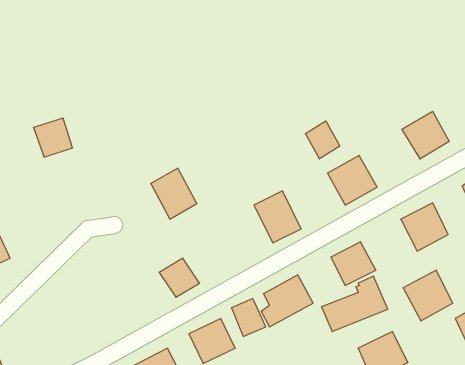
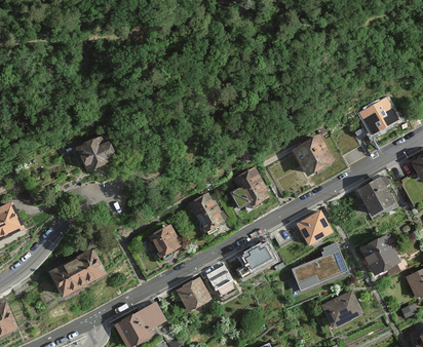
building: [33,118,73,157] -> [76,138,110,171]
building: [305,121,340,159] -> none
building: [151,168,197,219] -> [188,192,228,236]
building: none -> [49,249,106,299]

